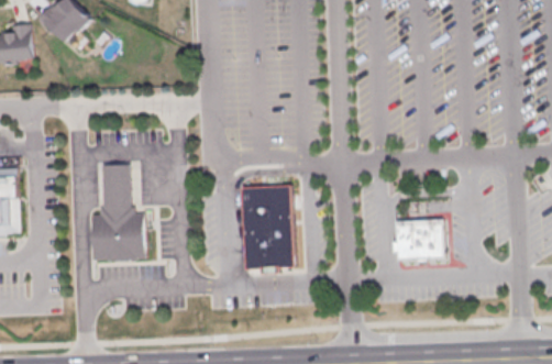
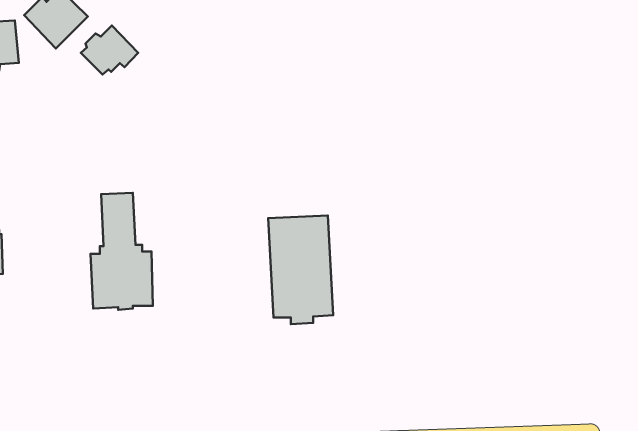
building: none -> [81,25,138,75]
building: [393,219,443,258] -> none

